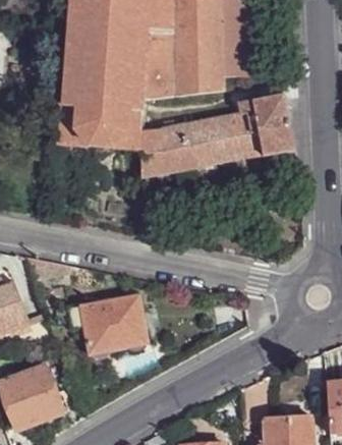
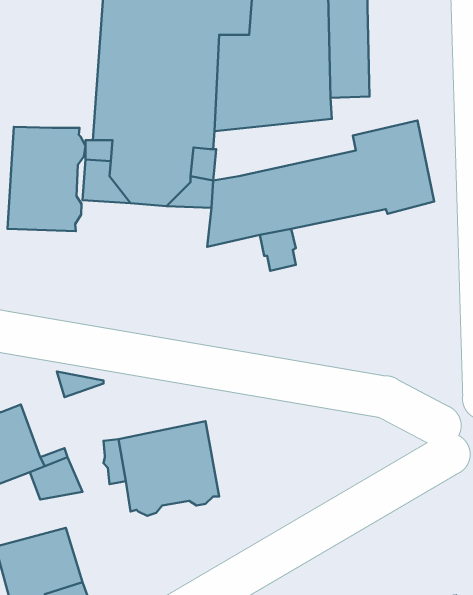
building: none -> [7,127,85,231]

